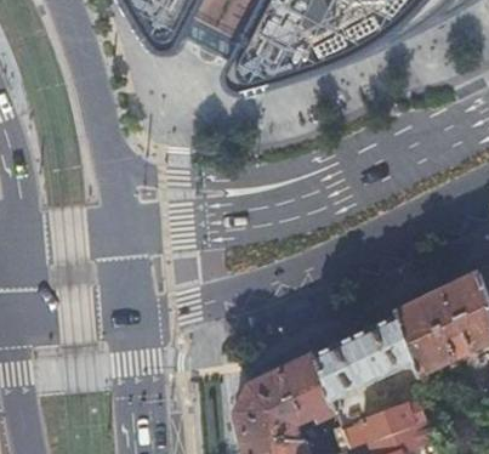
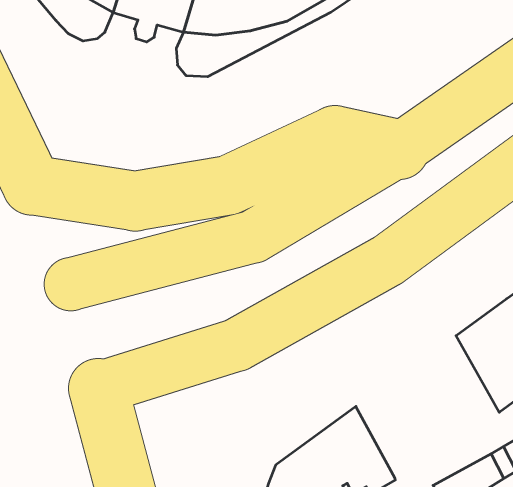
building: [315,313,414,409] -> none

